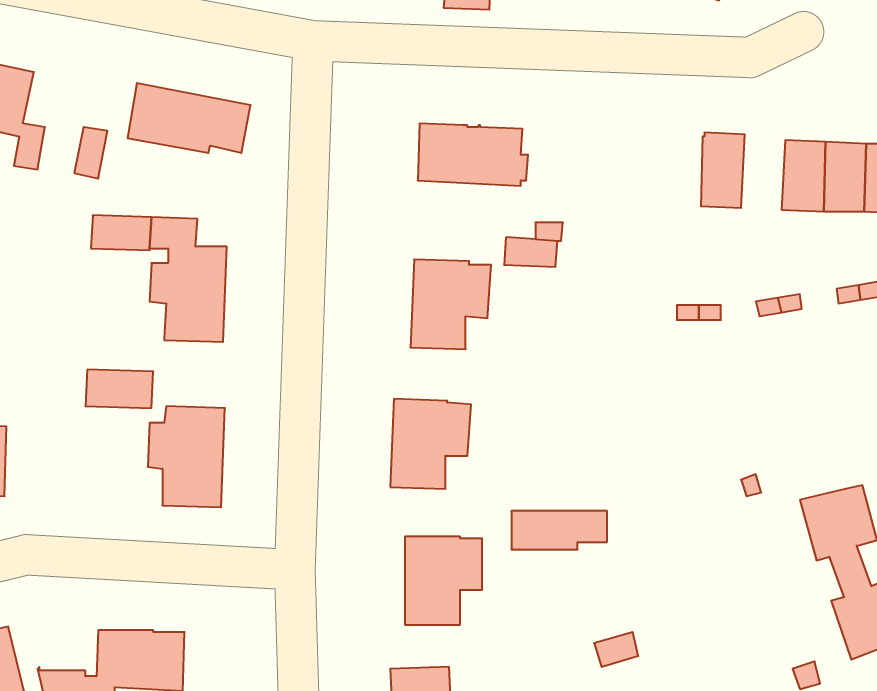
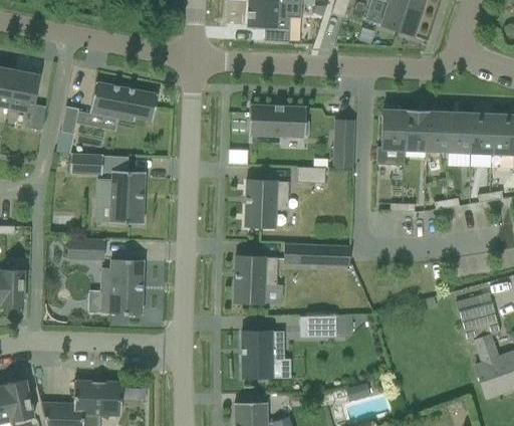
building: none -> [376,111,405,165]
building: none -> [426,111,450,152]
building: none -> [333,120,354,169]
building: none -> [283,243,349,266]

